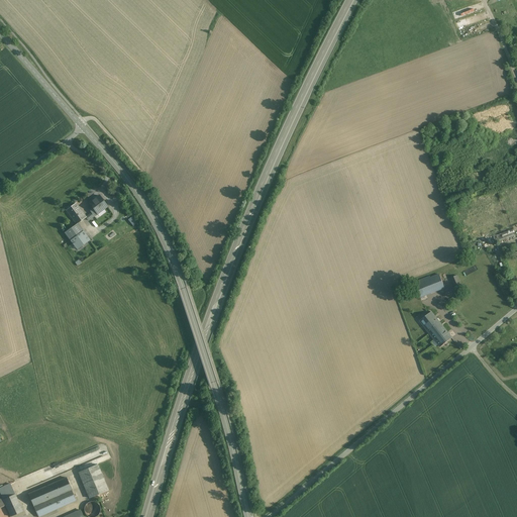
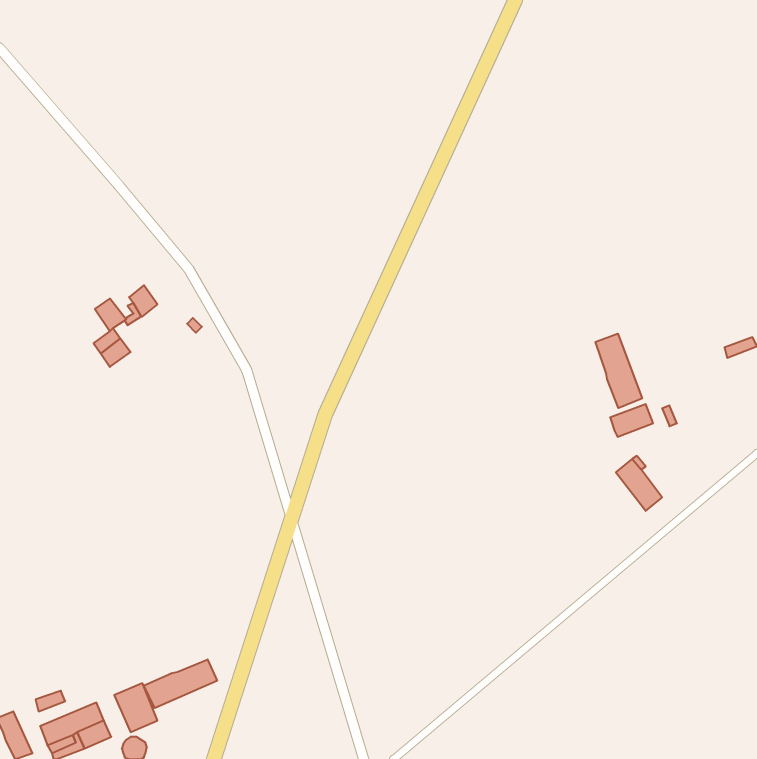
building: none -> [595,334,642,408]
building: none -> [144,659,217,708]

